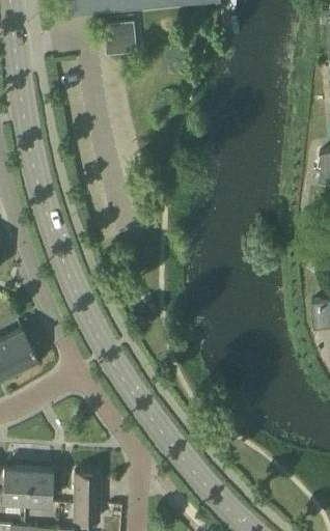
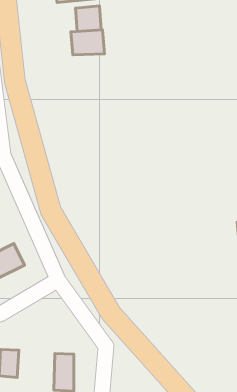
building: none -> [71,30,104,55]
building: [26,470,52,506] -> none

